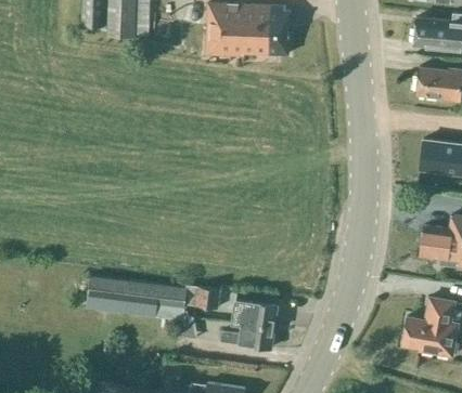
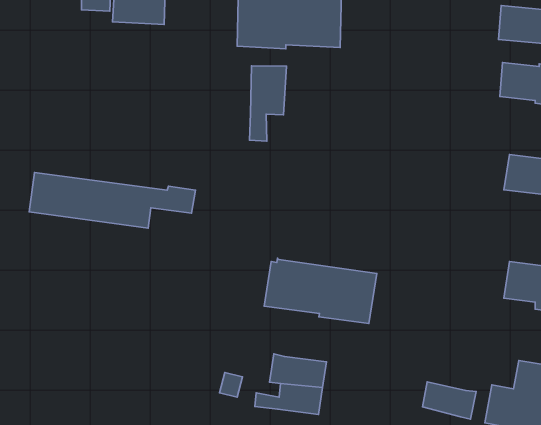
building: none -> [250,66,287,141]
building: none -> [264,258,377,323]
building: [86,275,219,319] -> [29,172,196,228]
building: none -> [422,382,476,419]

